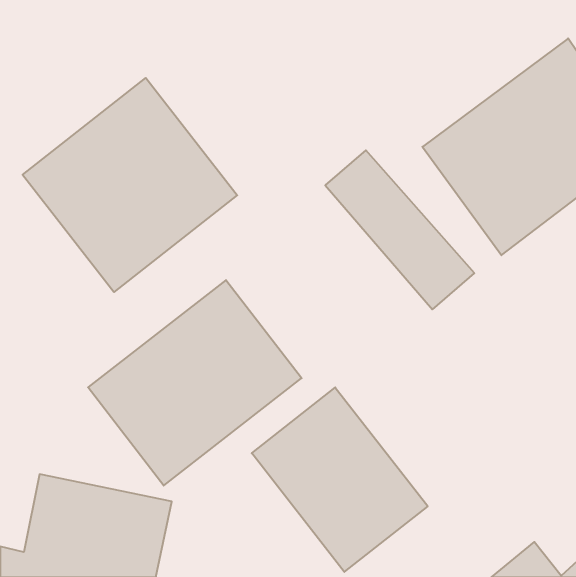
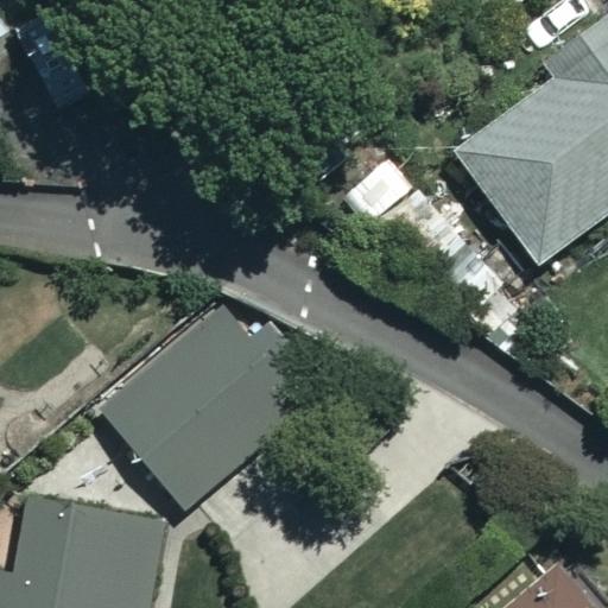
building: [23,78,237,292] -> none
building: [252,387,428,572] -> none

